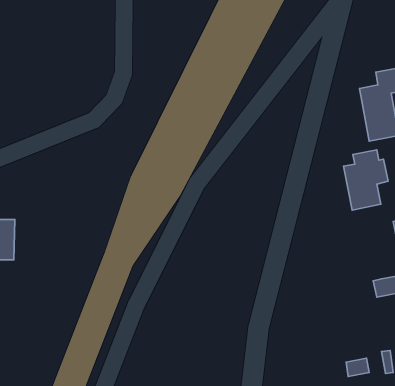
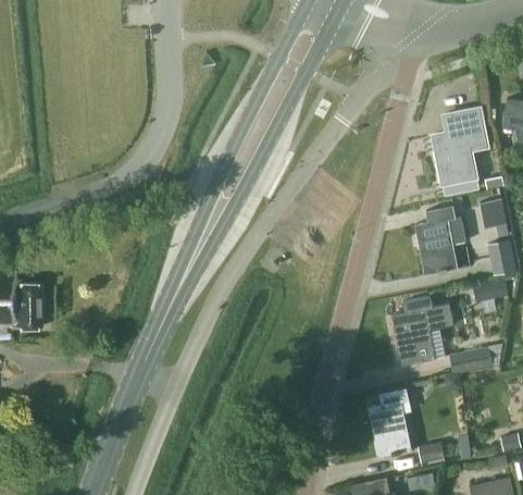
building: none -> [393,294,443,361]
building: none -> [370,387,412,453]

